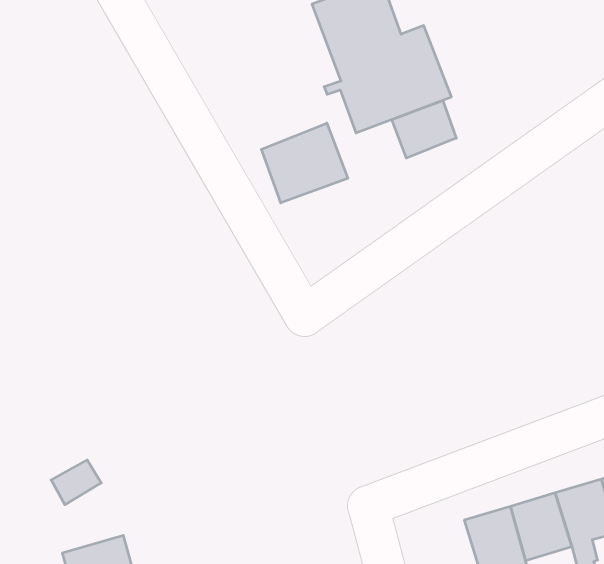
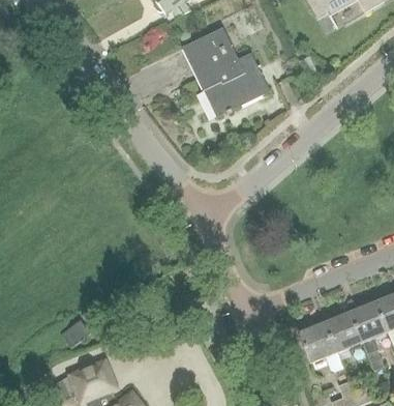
building: [392,101,456,158] -> none
building: [261,123,348,203] -> none

